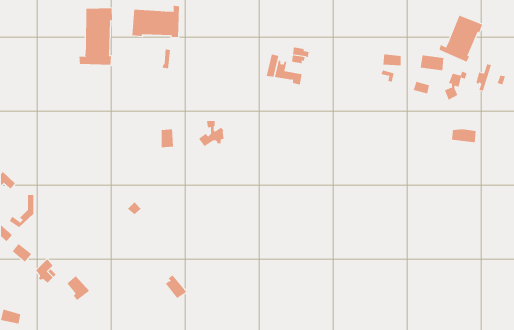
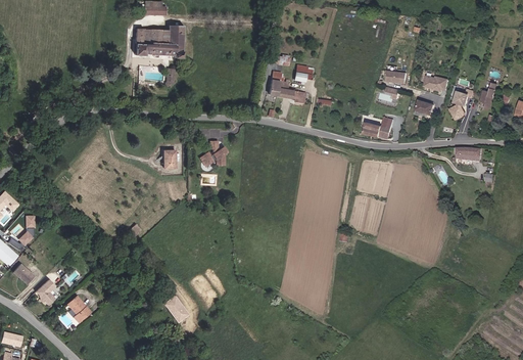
building: [79,8,112,66] -> none
building: [439,15,483,62] -> none
building: none -> [364,117,393,138]

